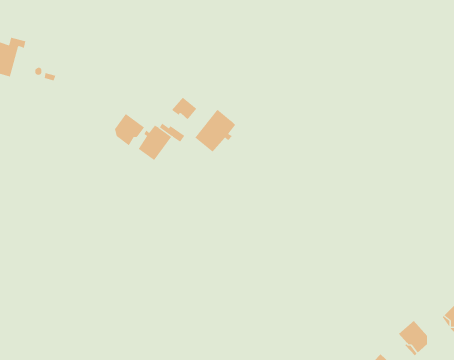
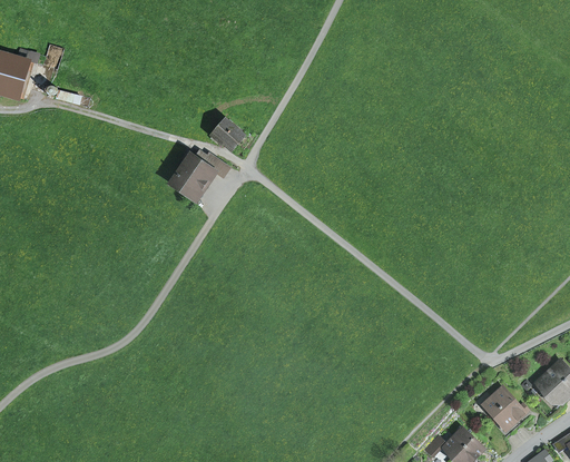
building: [194,109,236,152] -> none
building: [115,113,145,146] -> none

